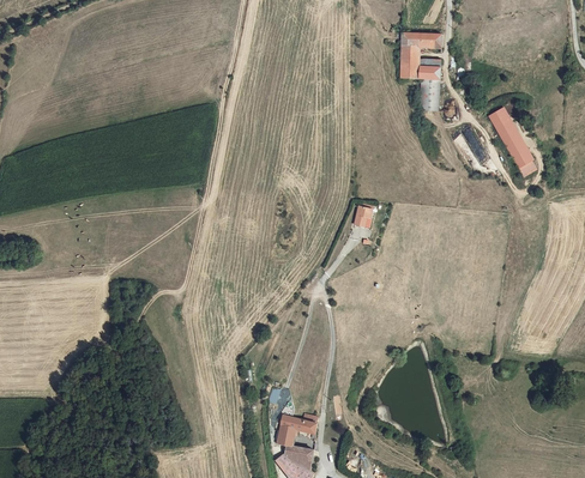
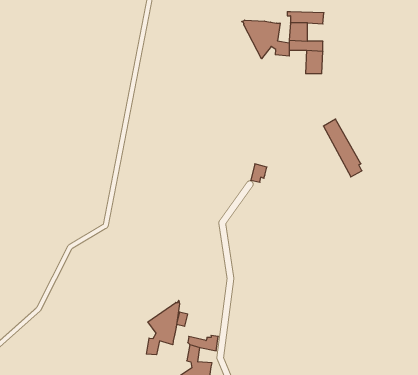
building: none -> [242,20,289,59]
building: [490,107,536,175] -> [323,119,362,177]
building: none -> [146,300,179,355]

